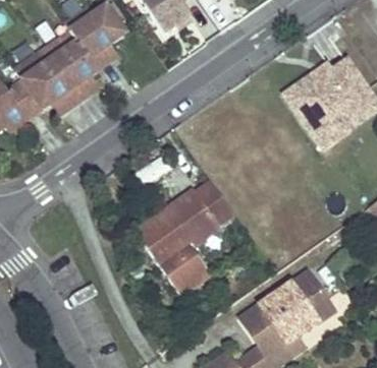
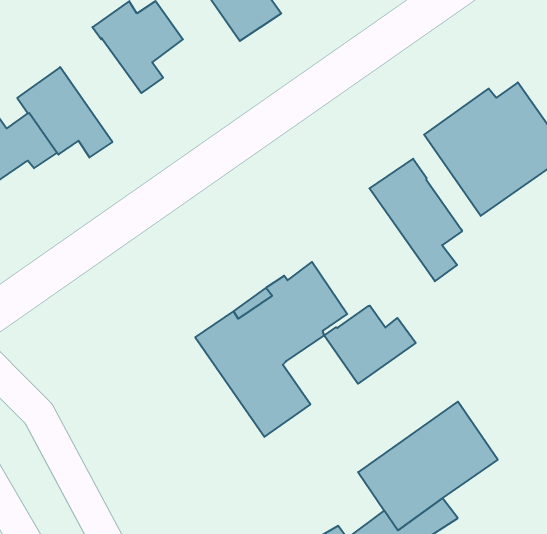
building: [45,30,100,100] -> none
building: none -> [369,159,462,281]
building: none -> [324,306,416,384]

